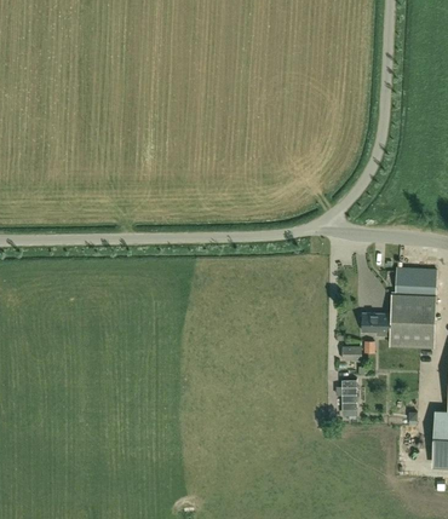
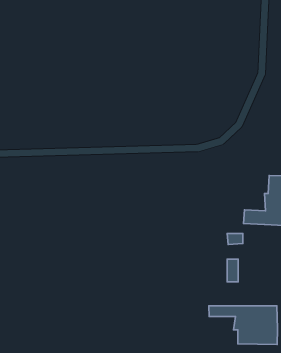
building: none -> [209,306,277,344]

